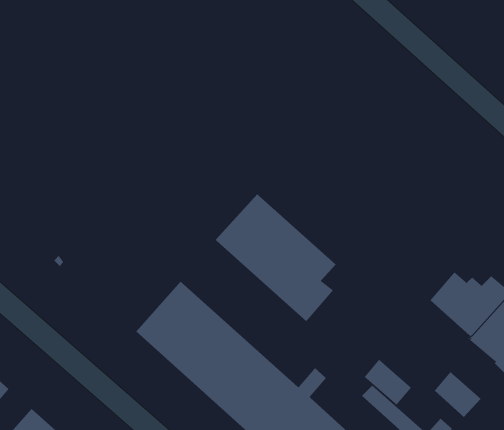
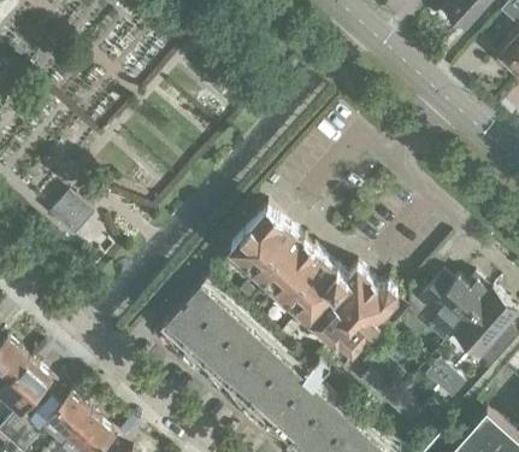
building: none -> [47,192,93,237]
building: none -> [311,264,397,358]

